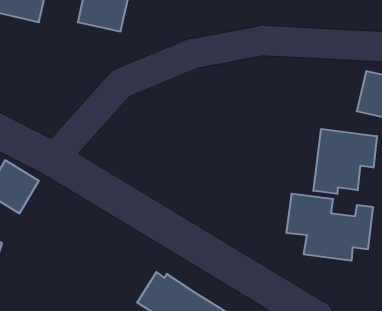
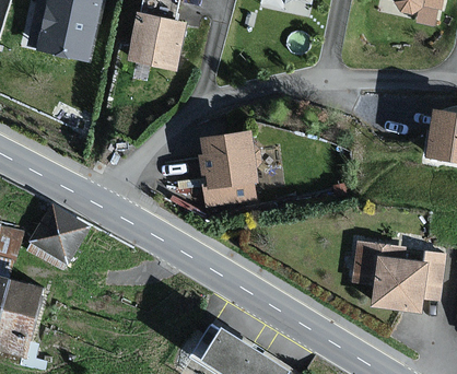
building: none -> [200,130,257,204]
building: [313,129,377,194] -> none

